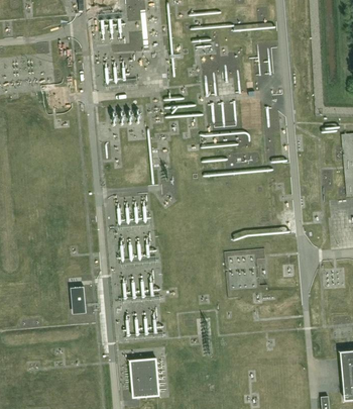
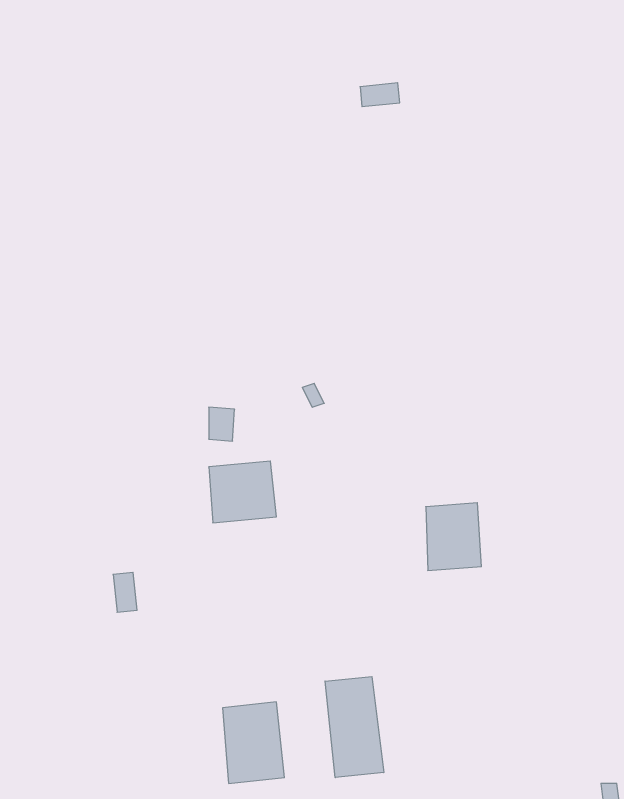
building: none -> [325,677,384,778]

